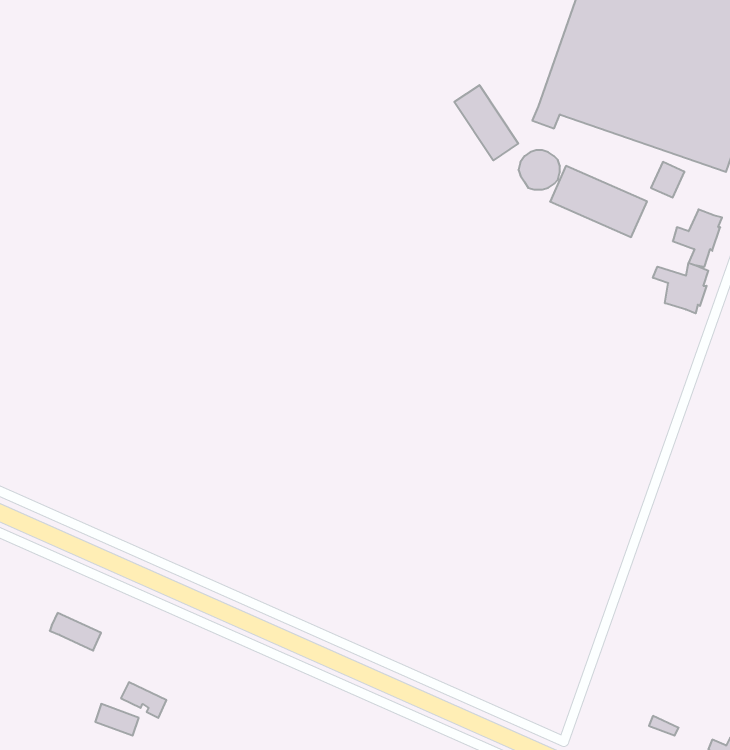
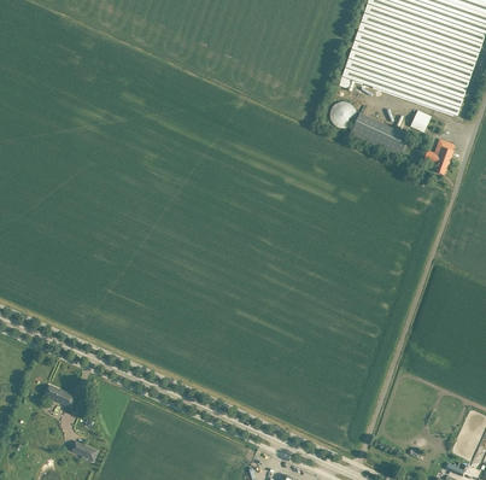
building: [454,85,518,160] -> none
building: [653,263,708,313] -> none

